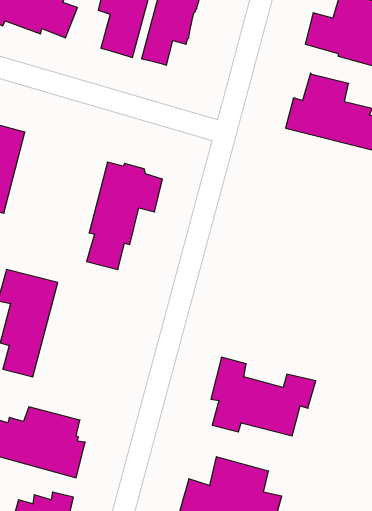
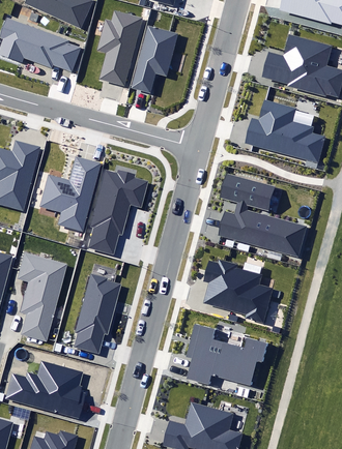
building: none -> [37,157,98,231]
building: none -> [219,172,307,258]
building: none -> [201,259,272,323]
building: none -> [76,274,121,352]

